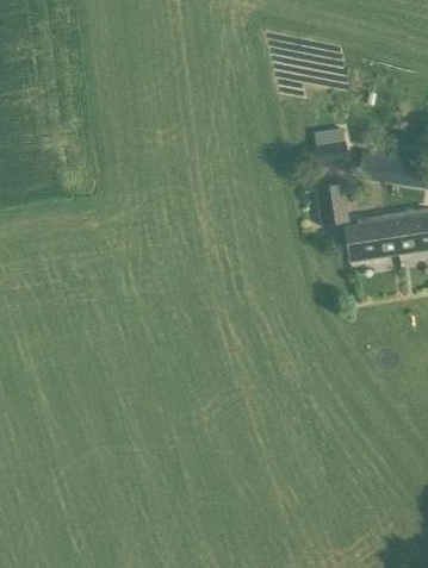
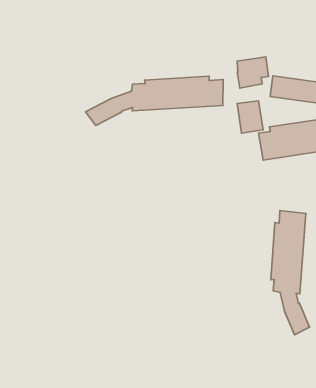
building: none -> [85,76,223,125]
building: none -> [271,211,309,335]

